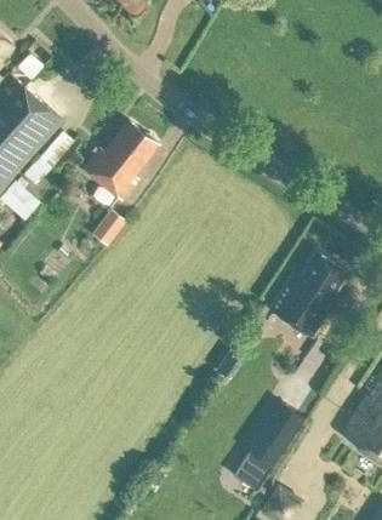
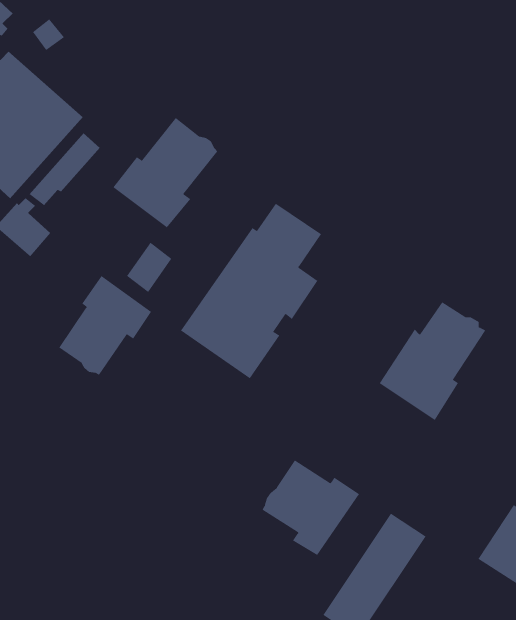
building: none -> [180,203,322,379]
building: none -> [58,275,152,376]
building: none -> [262,460,360,556]

